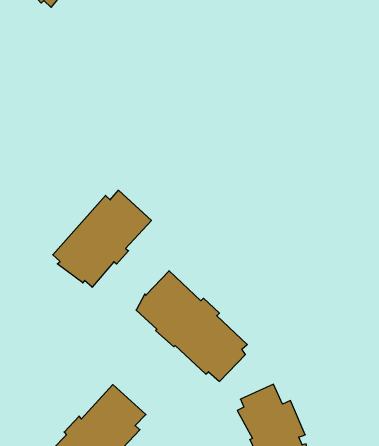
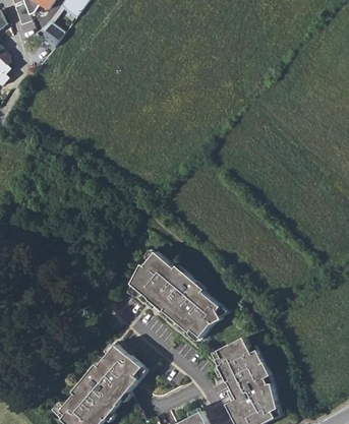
building: [53,190,151,287] -> none

